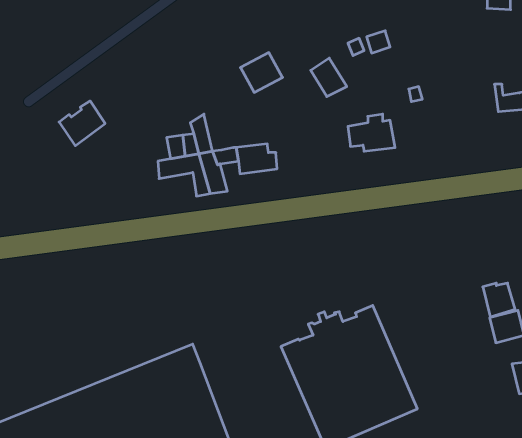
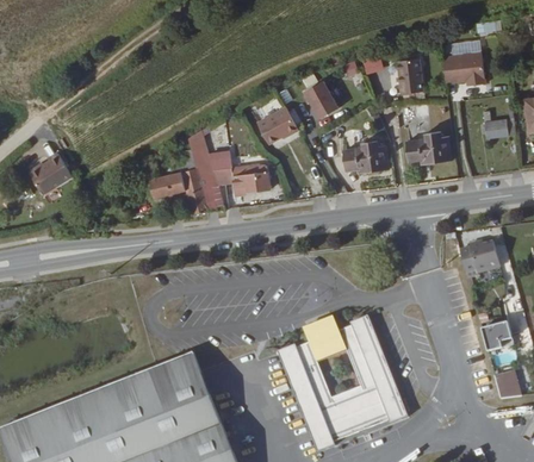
building: none -> [441,52,483,88]
building: none -> [397,58,422,93]
building: [240,53,283,92] -> [255,107,296,145]
building: [59,101,105,146] -> [30,154,74,196]
building: none -> [406,124,449,162]
building: [483,283,515,317] -> [468,235,499,267]

